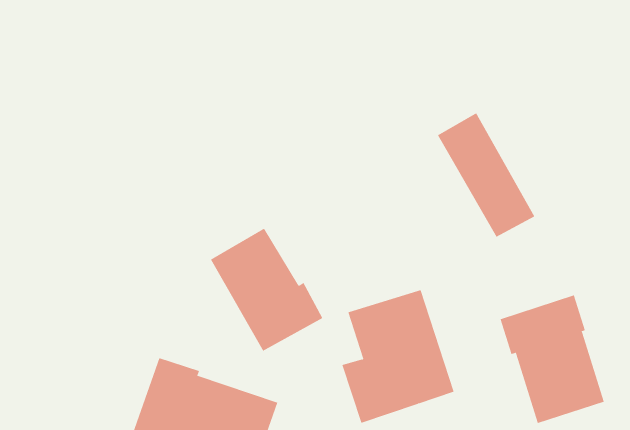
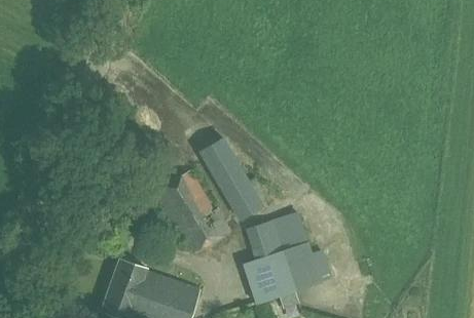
building: [437,113,535,238] -> [198,135,265,221]
building: [500,295,605,424] -> none

